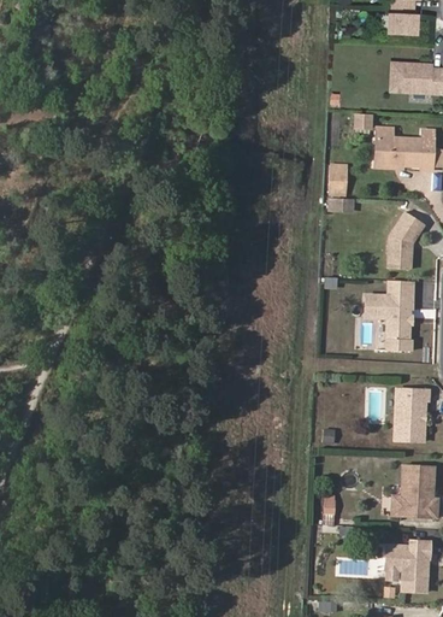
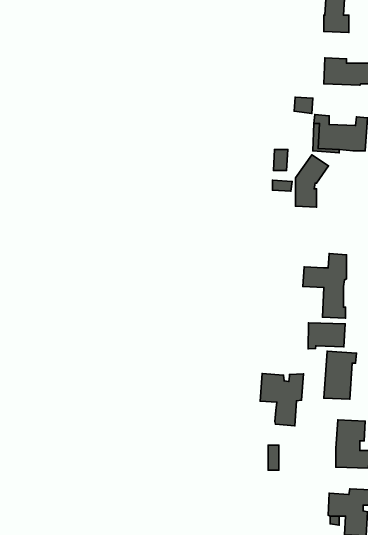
building: [388,212,424,270] -> [296,155,328,207]
building: none -> [308,323,345,349]
building: none -> [260,373,303,426]

